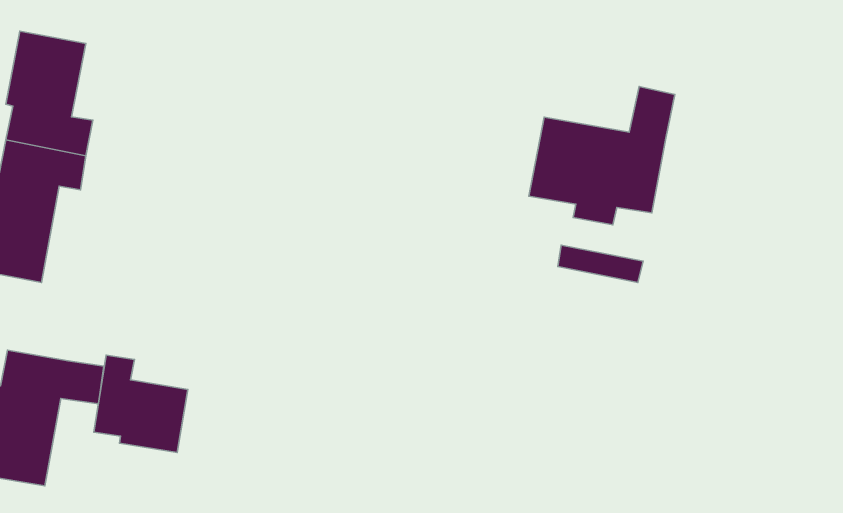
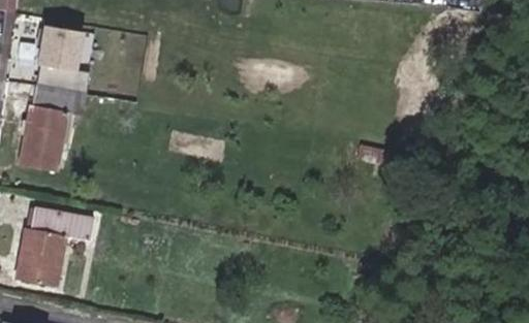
building: [529,86,675,225] -> none
building: [94,355,188,453] -> none

